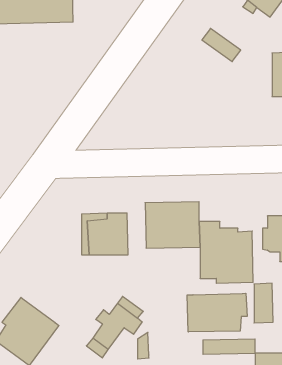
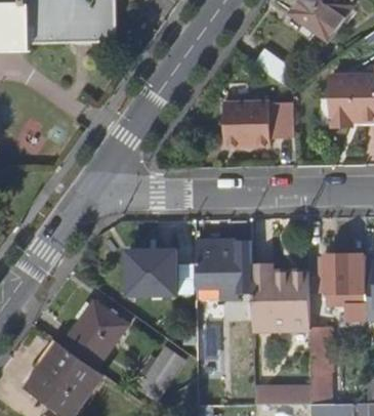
building: none -> [224,101,295,147]
building: none -> [60,299,129,370]
building: [187,293,247,332] -> none

